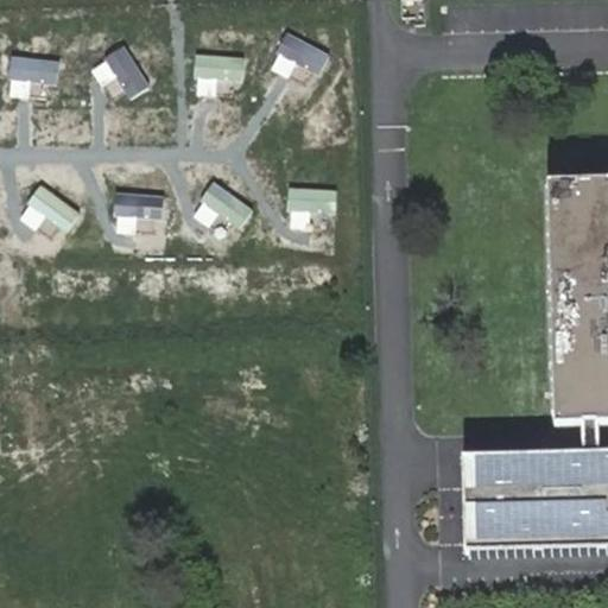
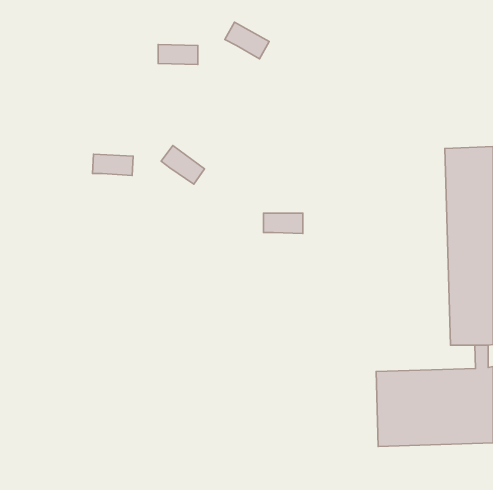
building: [106,45,151,100] -> none
building: [6,53,58,84] -> none
building: [27,183,80,232] -> none
building: [290,185,338,210] -> [263,213,303,233]

